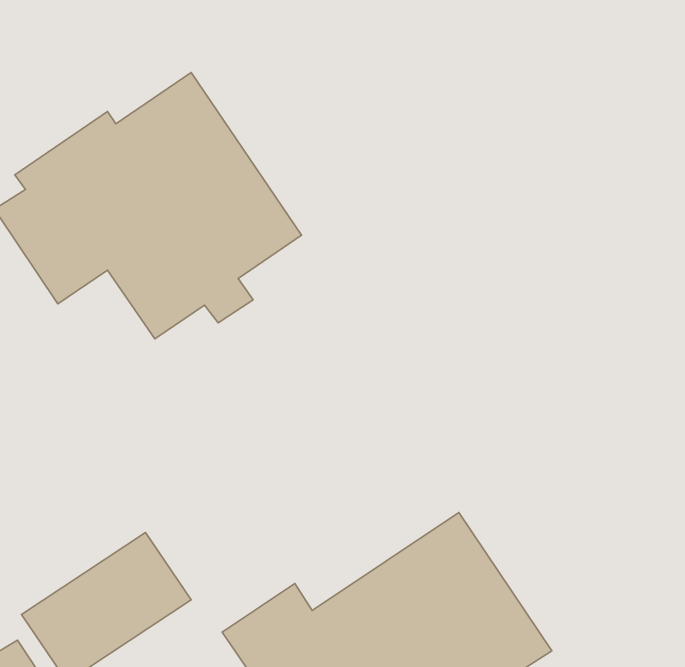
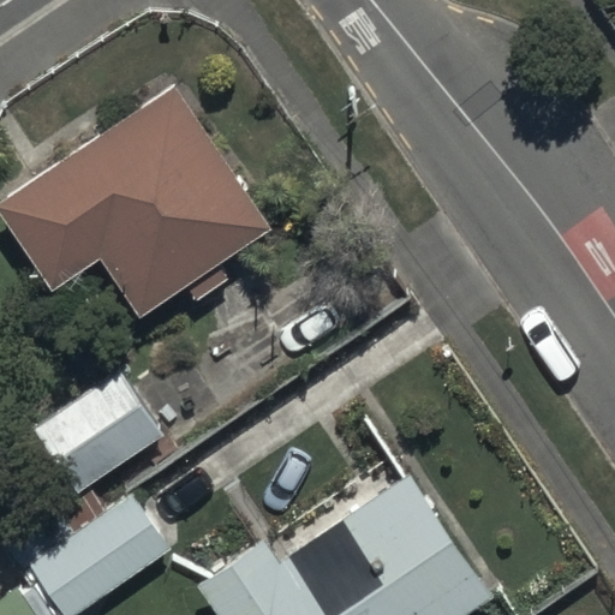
building: none -> [30,370,162,496]

